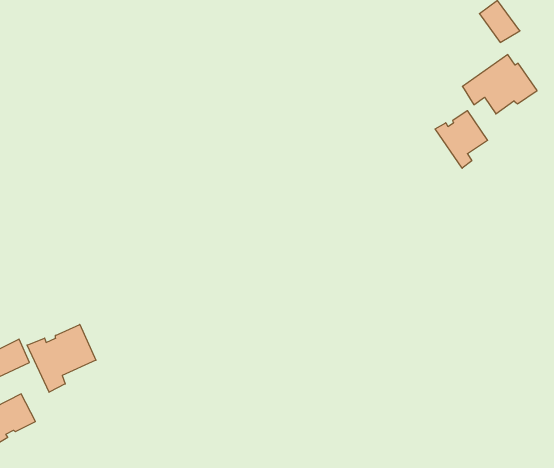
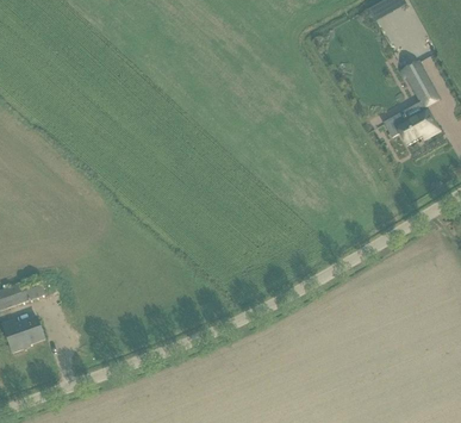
building: [435,111,488,168] -> none
building: [27,324,96,392] -> none

